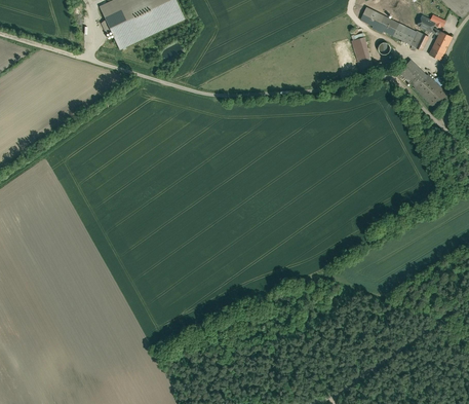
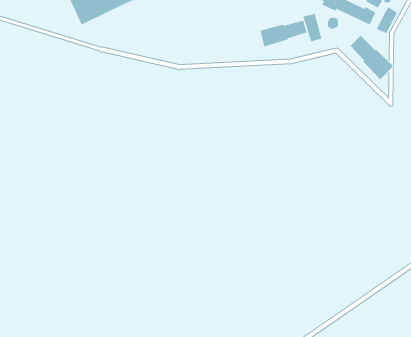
building: none -> [260,20,307,47]

